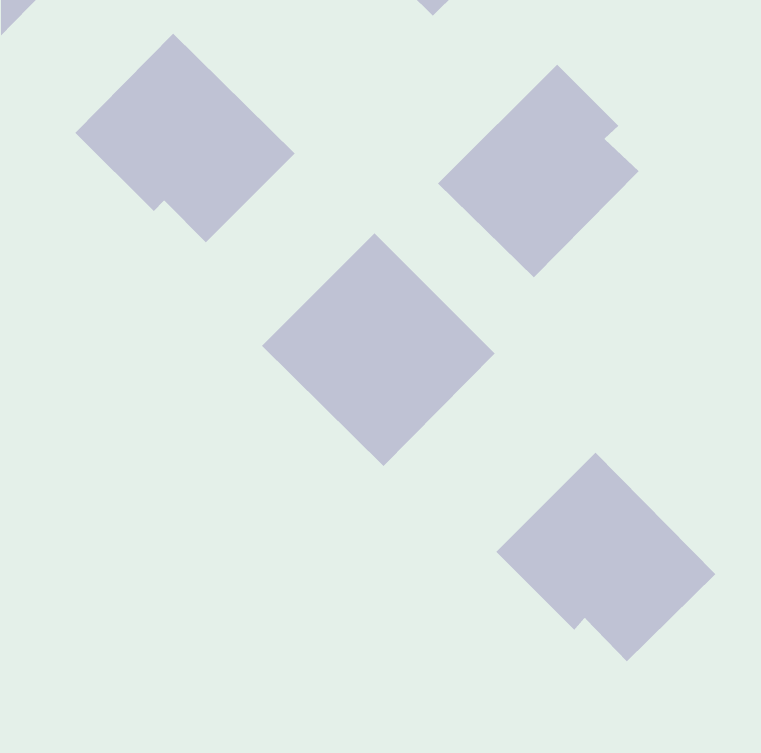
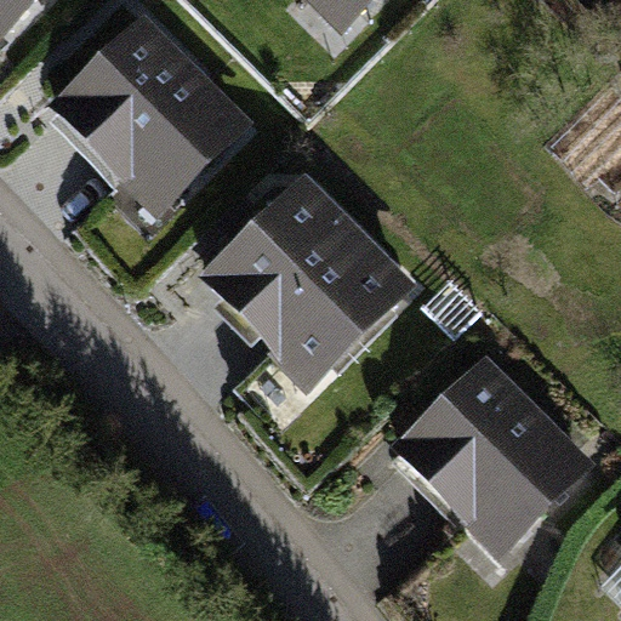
building: [437,64,640,278] -> none

